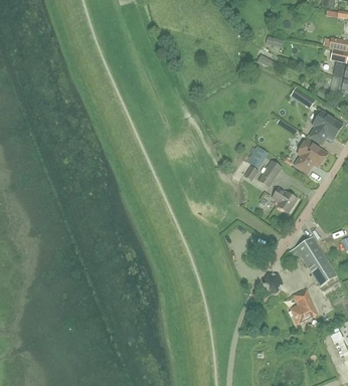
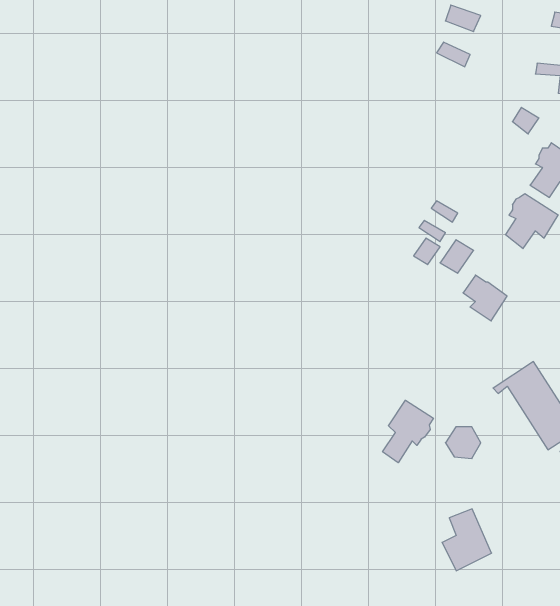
building: none -> [383,400,433,463]
building: [290,290,318,325] -> [442,509,492,571]

